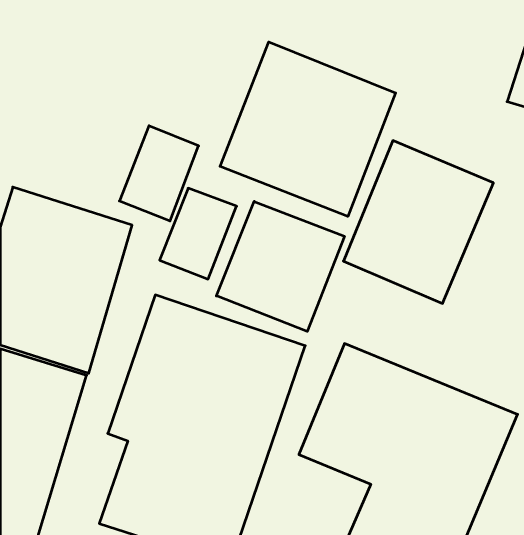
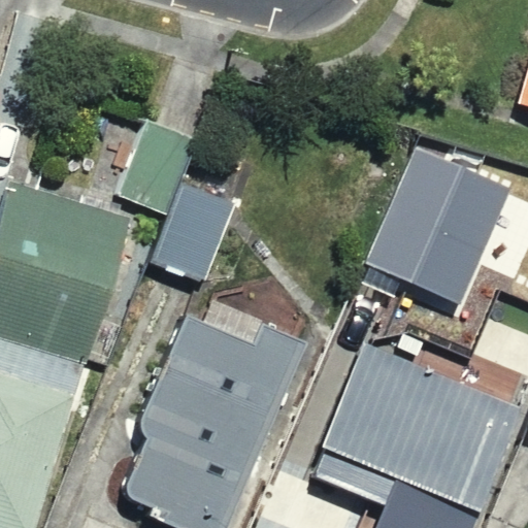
building: [220,42,396,216] -> none
building: [216,201,344,331] -> none

